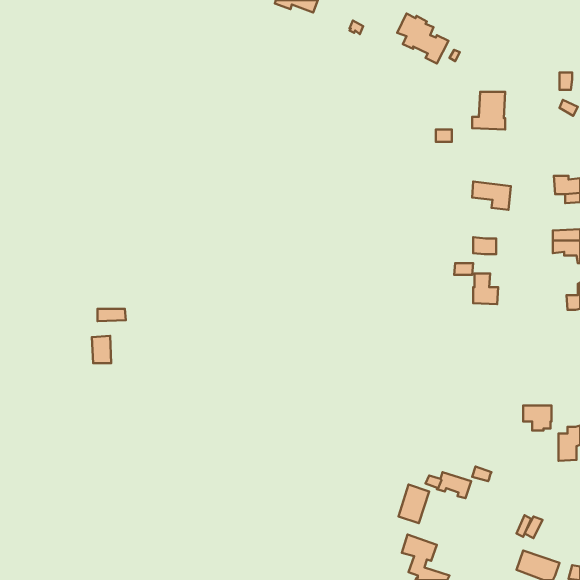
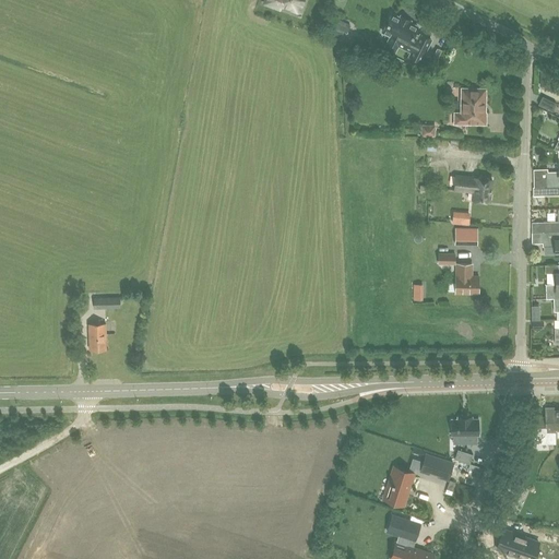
building: [523,406,552,431] -> [451,419,478,443]

